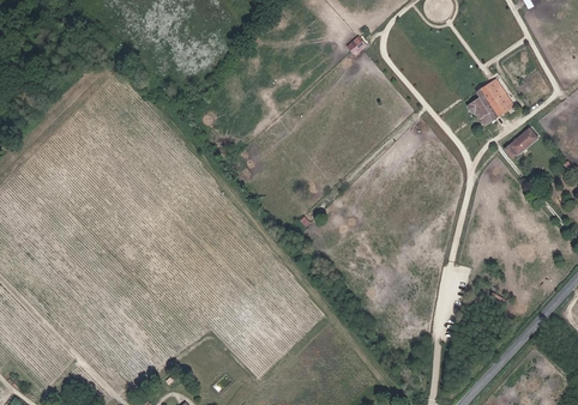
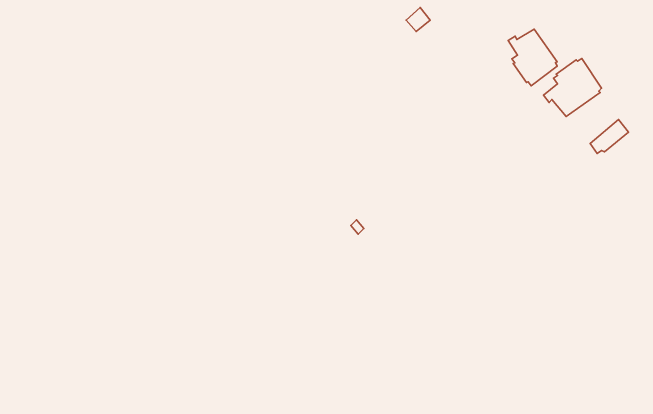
building: none -> [508,29,557,86]

